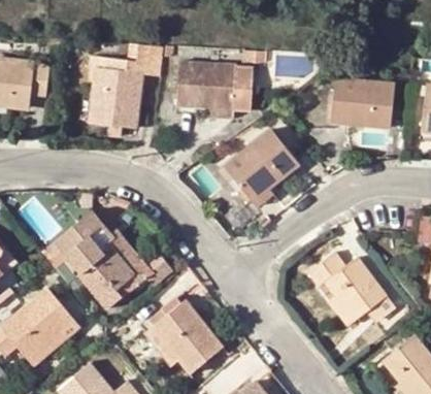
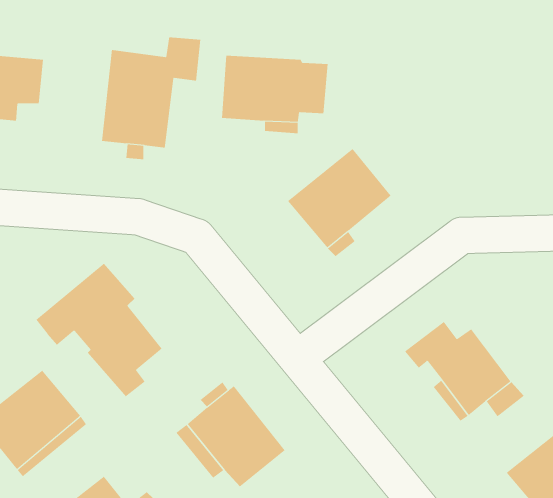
building: [331,77,395,127] -> none
building: [109,232,152,296] -> none

